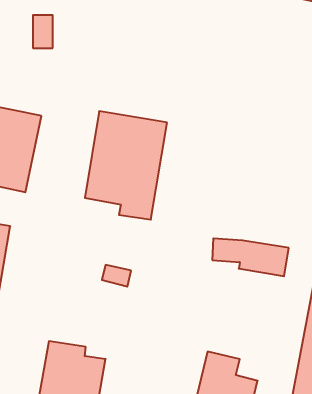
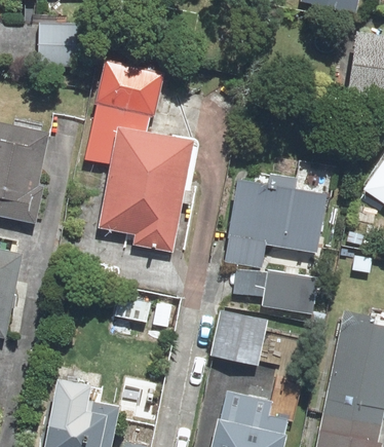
building: none -> [99,65,160,110]
building: none -> [228,185,323,263]
building: none -> [216,313,263,361]

